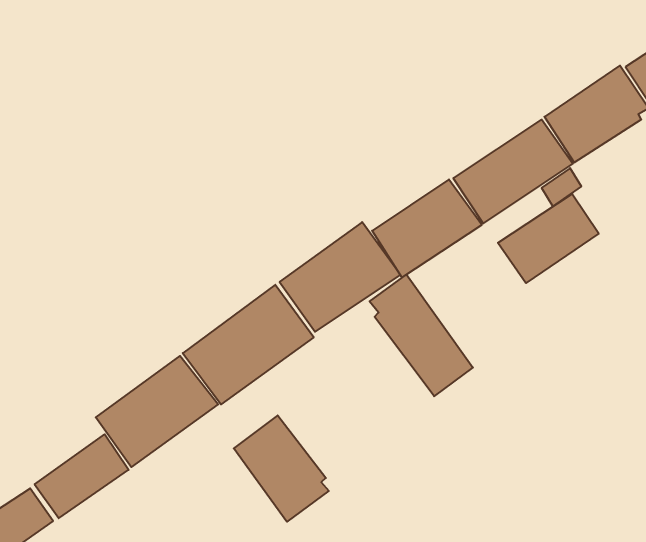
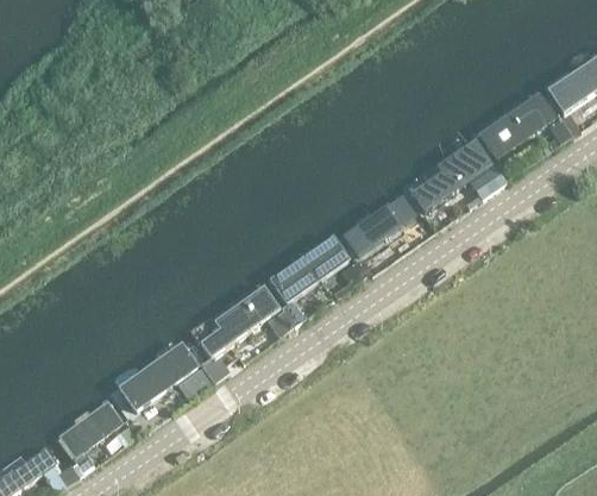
building: [498,194,599,283] -> none
building: [370,275,473,396] -> none
building: [234,415,329,522] -> none

